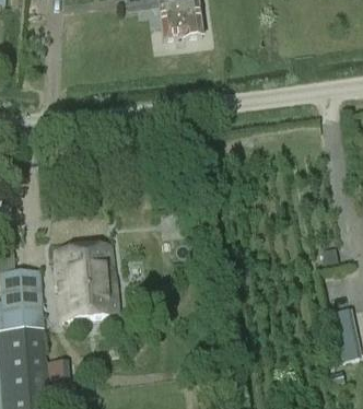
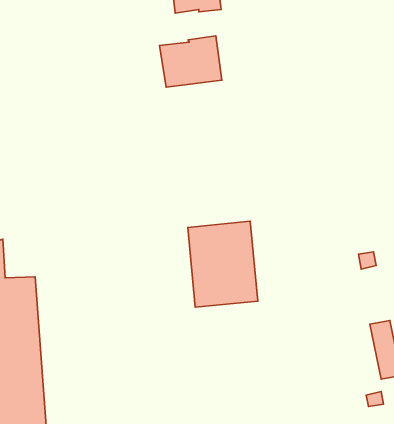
building: none -> [160,36,222,87]
building: [55,242,116,317] -> [188,221,258,307]

